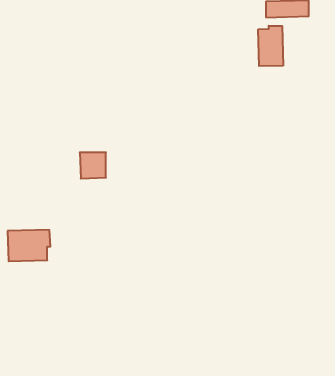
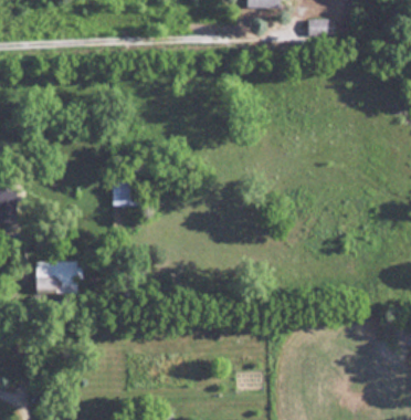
building: [258,26,283,66] -> none

